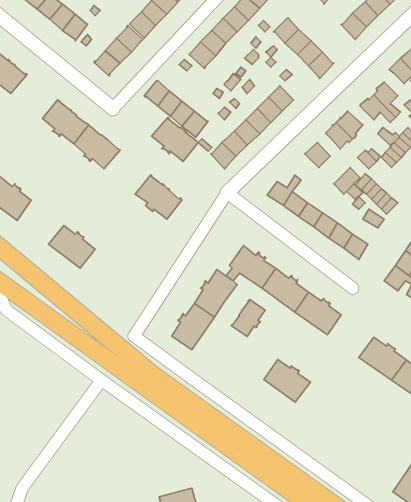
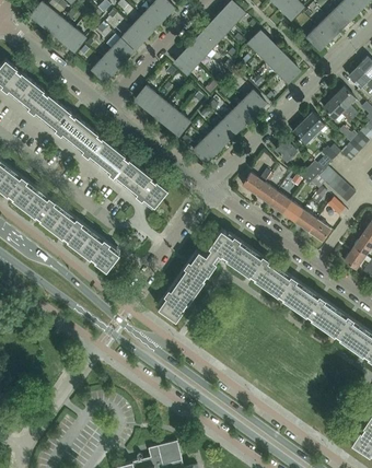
building: none -> [18,81,58,119]
building: [152,117,198,161] -> [98,147,139,185]
building: none -> [23,190,63,229]
building: none -> [78,233,118,271]
building: [232,299,265,336] -> none
building: [264,360,310,402] -> [293,290,334,327]

